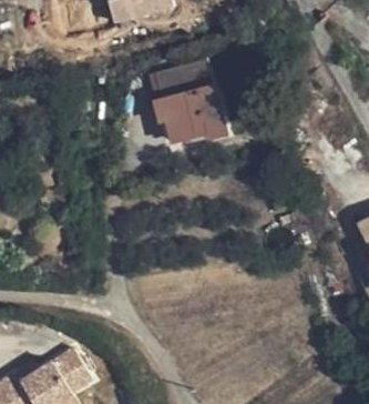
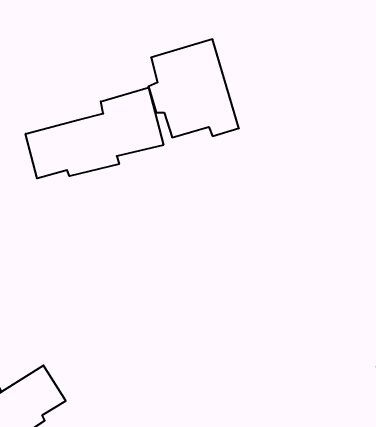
building: none -> [26,87,163,178]

